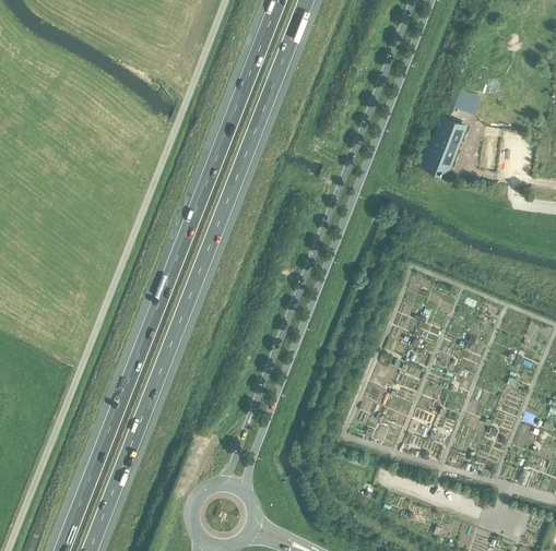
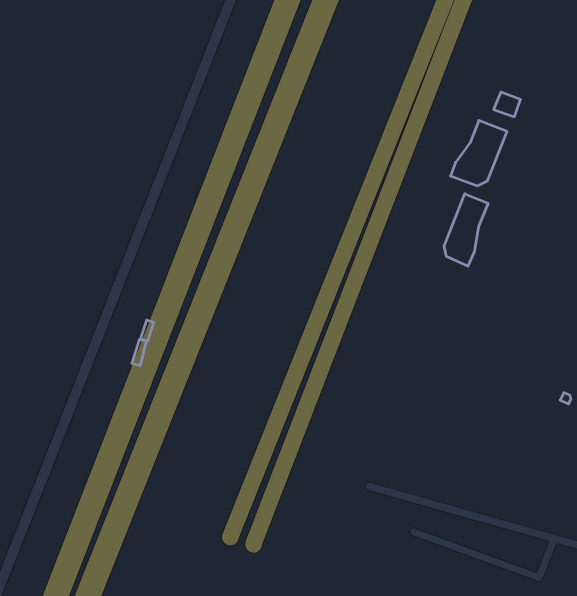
building: none -> [444,194,488,266]

